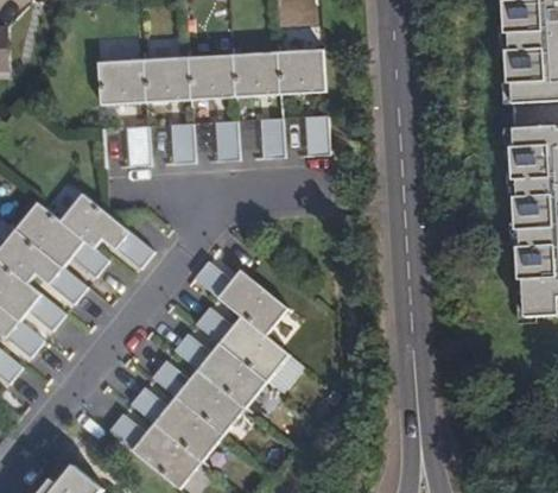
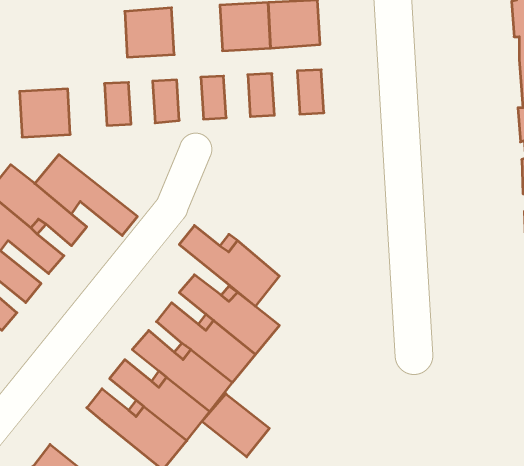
building: [185,53,233,100] -> none
building: [96,59,144,105] -> [20,89,70,137]
building: none -> [202,394,269,457]

